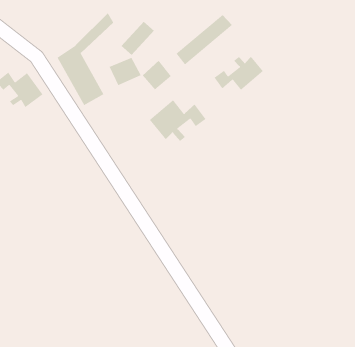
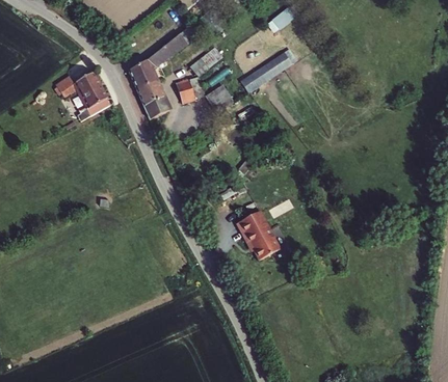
building: [214,56,264,91] -> none
building: [149,99,207,142] -> none
building: none -> [236,211,280,260]

